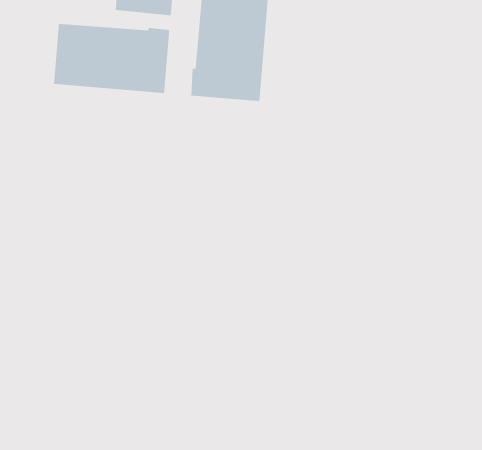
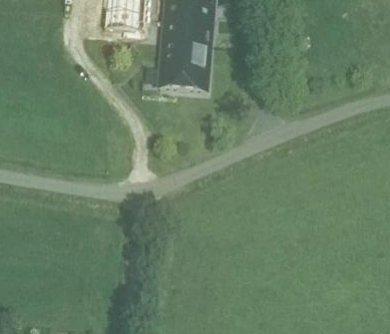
building: [54,23,170,94] -> none

